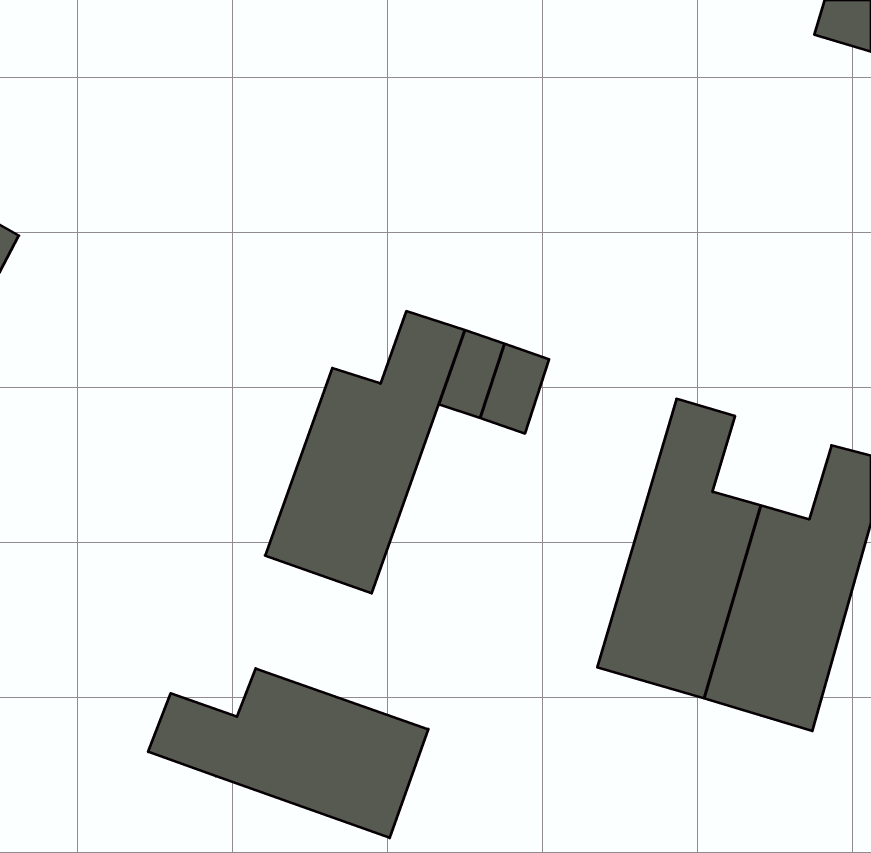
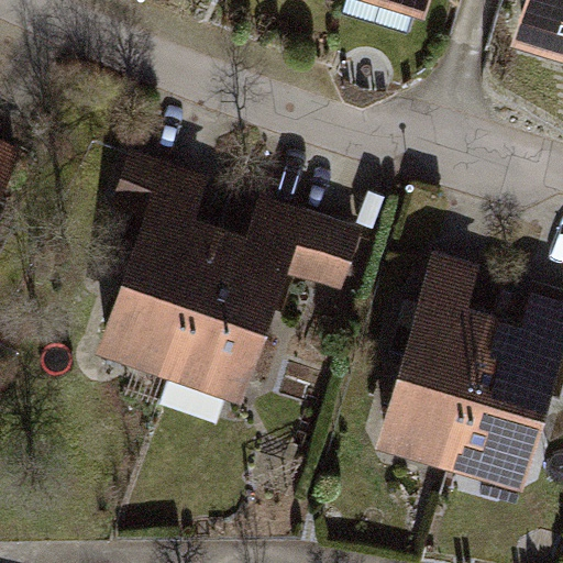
building: none -> [102,175,212,372]
building: [148,668,428,838] -> none

